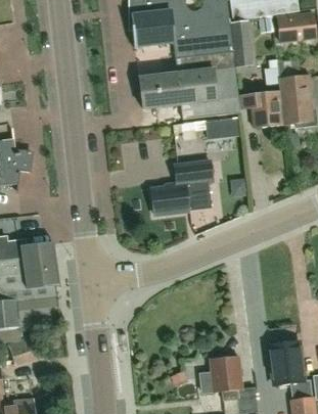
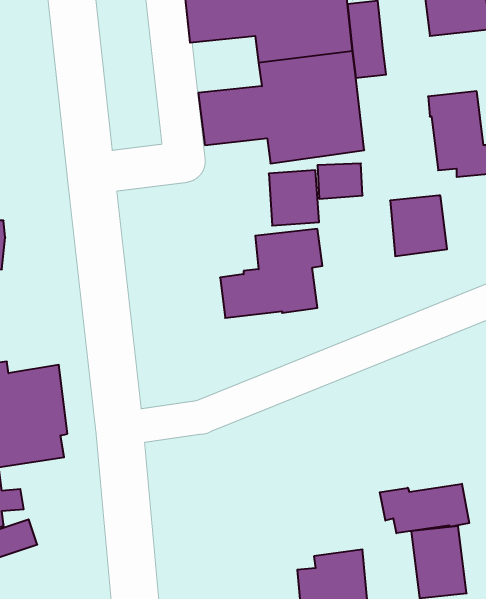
building: [249,90,284,127] -> [390,196,447,256]
building: none -> [380,484,469,533]

